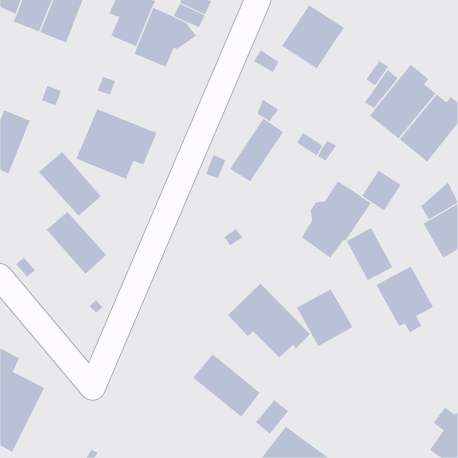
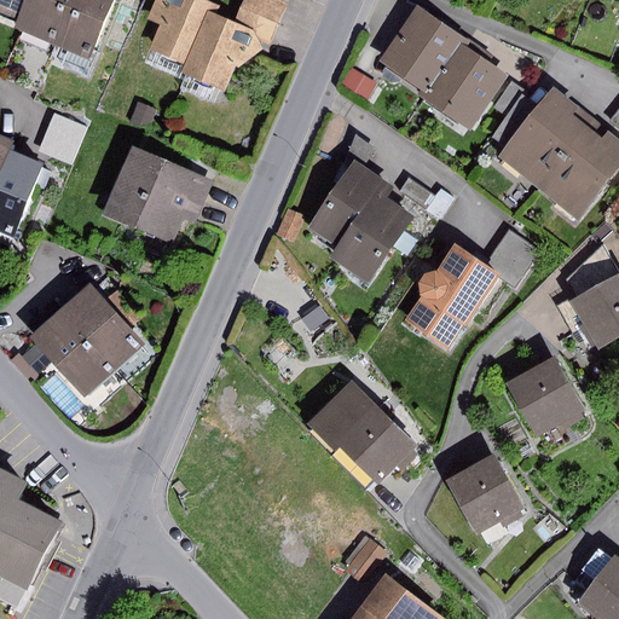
building: none -> [423,42,507,131]
building: none -> [329,178,412,283]
building: [38,151,102,217] -> [29,310,115,398]
building: [346,227,393,281] -> none
building: [296,288,354,347] -> [446,456,523,534]
building: [192,354,261,418] -> none

